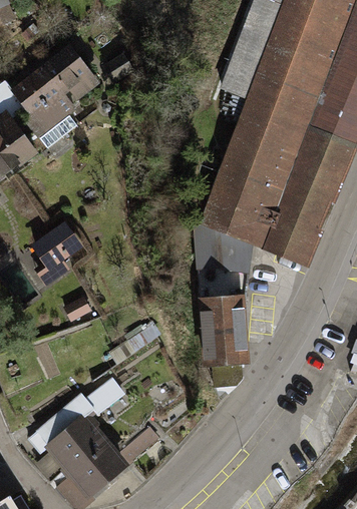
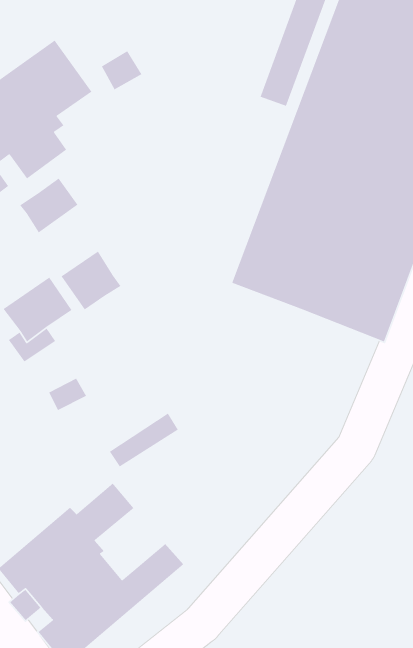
building: none -> [19,177,79,234]
building: none -> [61,250,122,311]
building: [193,223,253,388] -> none

